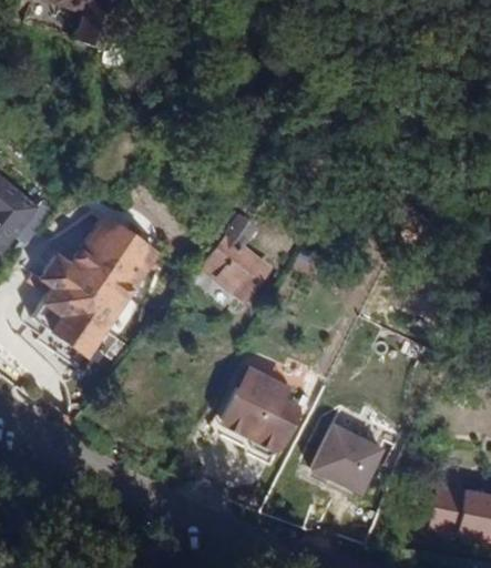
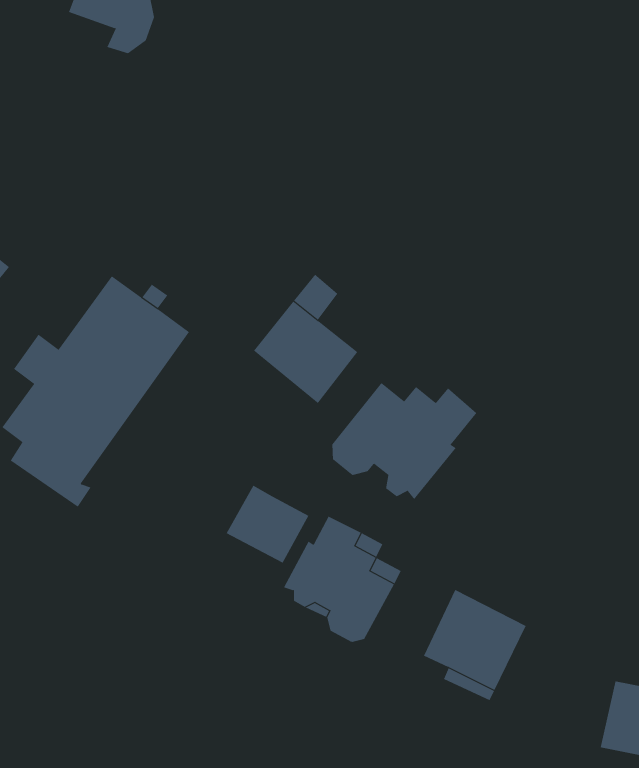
building: none -> [332,382,477,500]
building: none -> [226,485,309,563]

